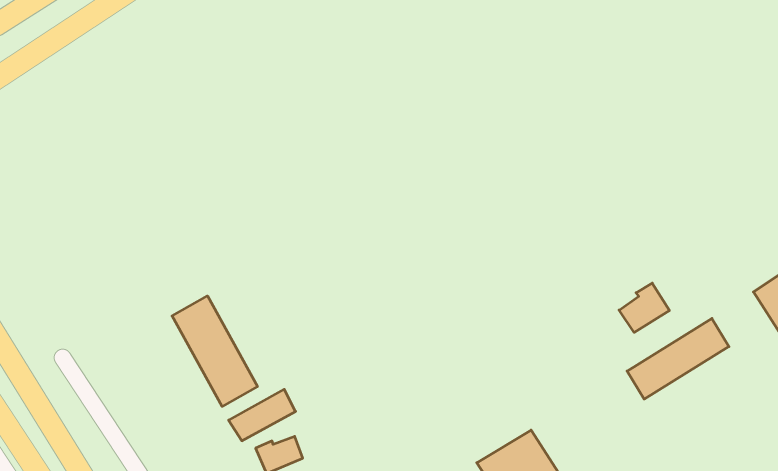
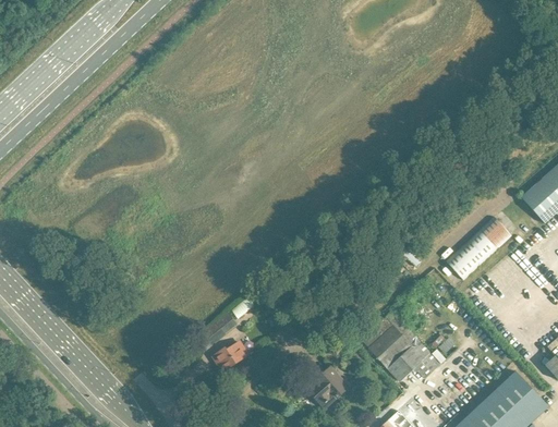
building: [619,283,669,332] -> none
building: [172,296,257,406] -> none

